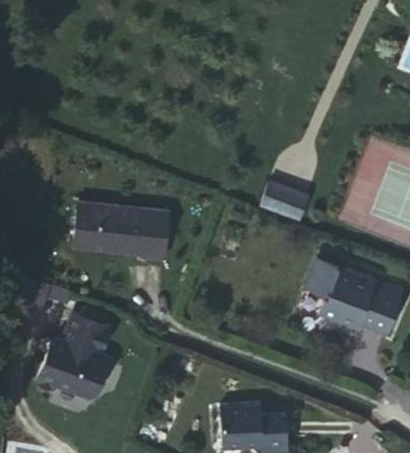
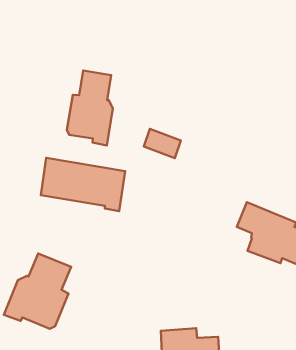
building: none -> [67,70,113,145]
building: [262,183,305,217] -> [144,129,181,158]

